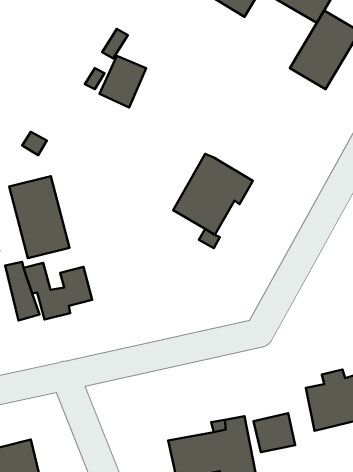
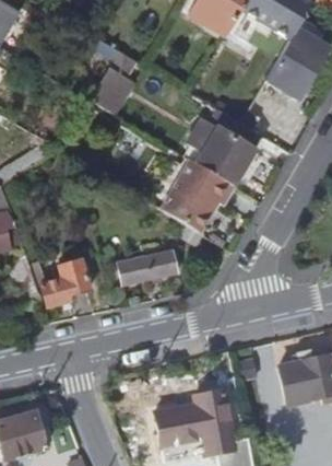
building: none -> [198,115,258,182]
building: [9,176,69,258] -> none
building: none -> [117,248,176,281]
building: [253,413,295,452] -> none

